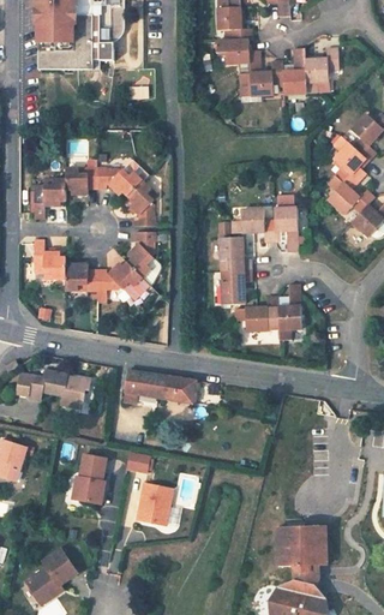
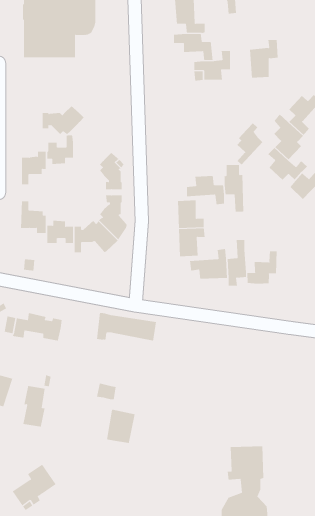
building: [282,48,306,94] -> none
building: none -> [236,122,263,166]
building: [96,160,146,195] -> [42,105,85,135]
building: none -> [247,251,277,284]
building: [76,455,103,504] -> [22,385,46,427]

